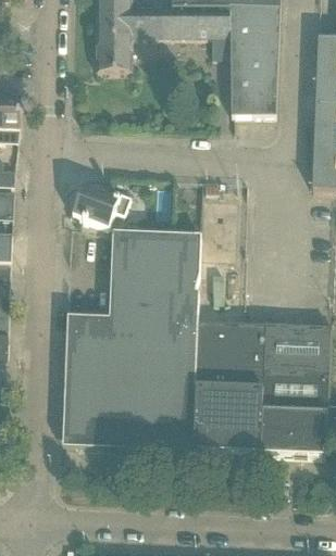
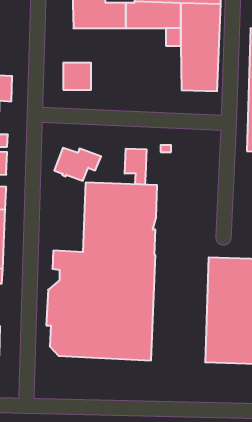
building: [97,36,132,70] -> [63,63,91,90]
building: none -> [125,149,146,185]
building: [194,318,265,452] -> none

